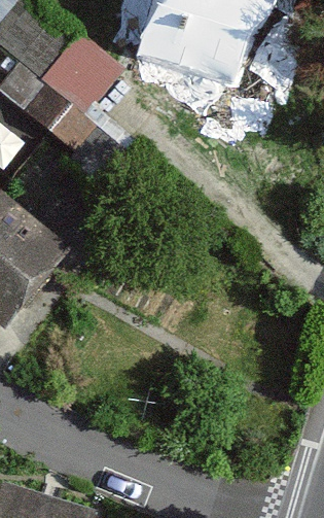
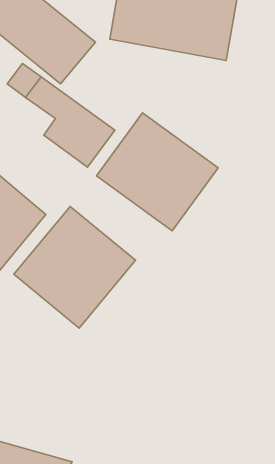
building: none -> [96,113,218,231]
building: none -> [14,206,136,328]

